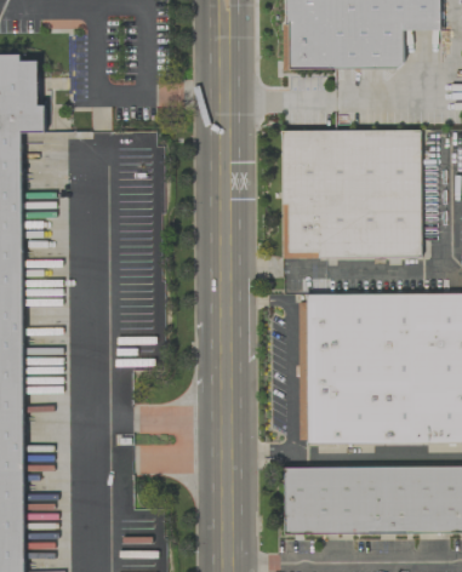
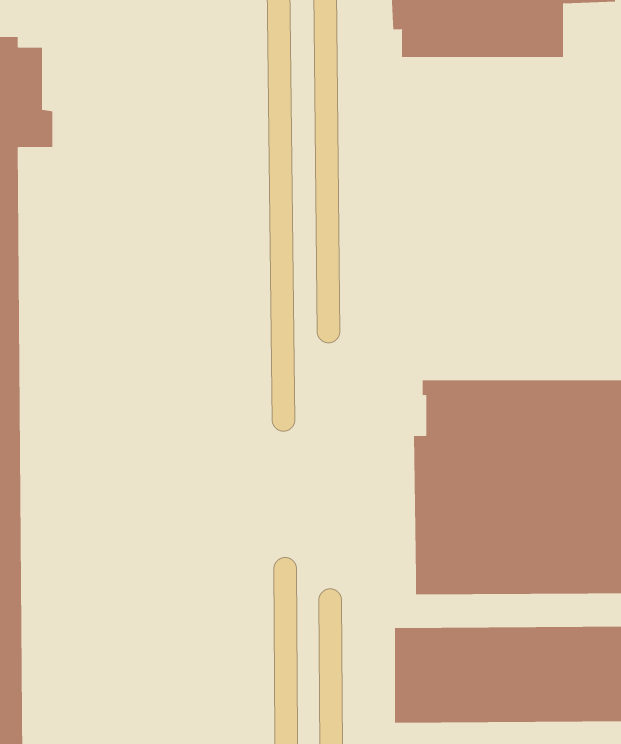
building: [281,128,420,257] -> none

